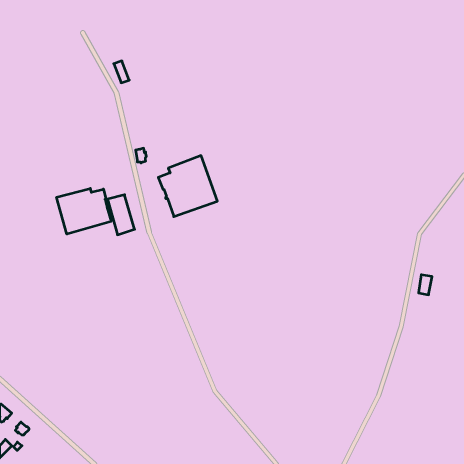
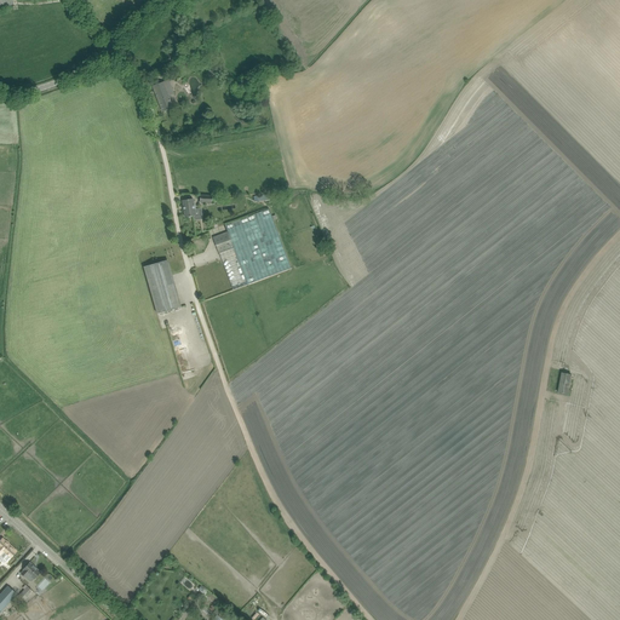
building: [57,188,111,234] -> none

